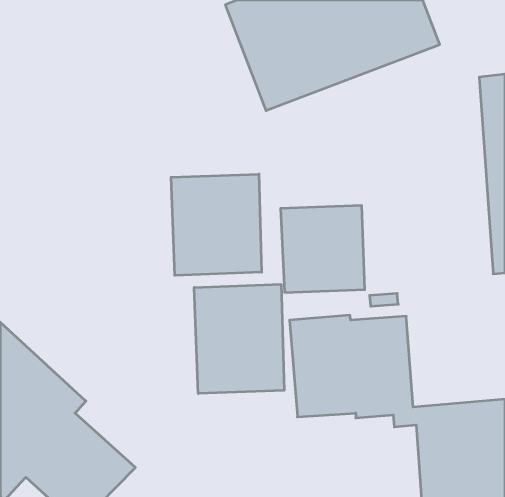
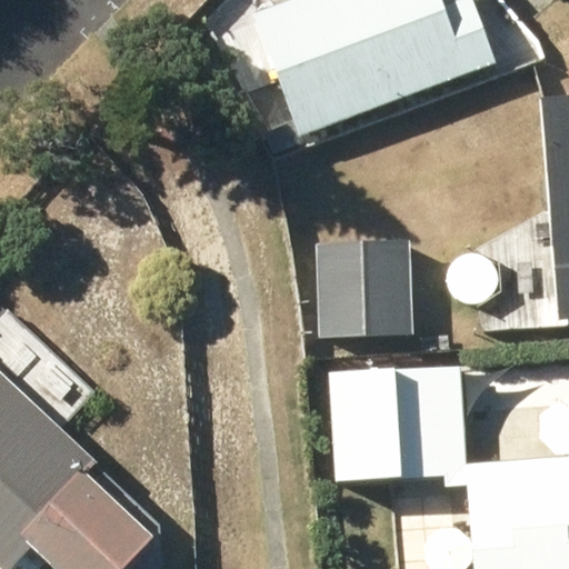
building: [171,174,262,275] -> none
building: [194,284,284,394] -> none

